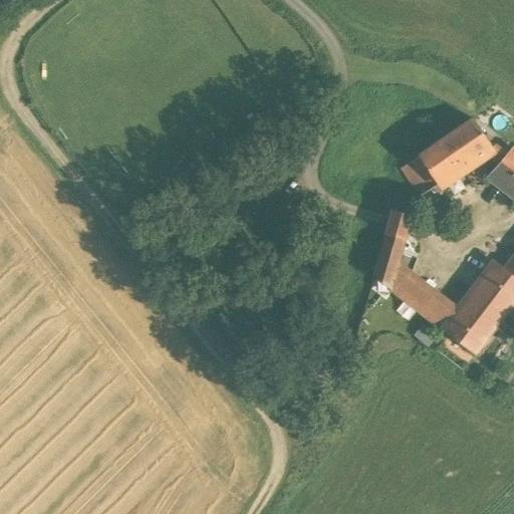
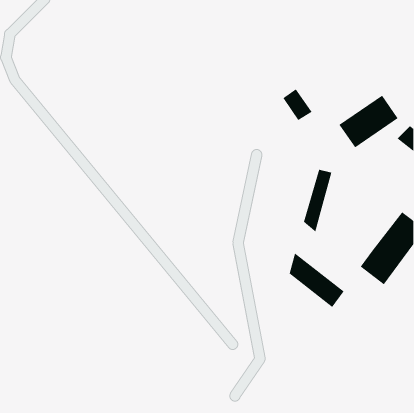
building: [403,155,440,195] -> [282,88,312,121]
building: [392,262,461,330] -> [289,253,345,308]

